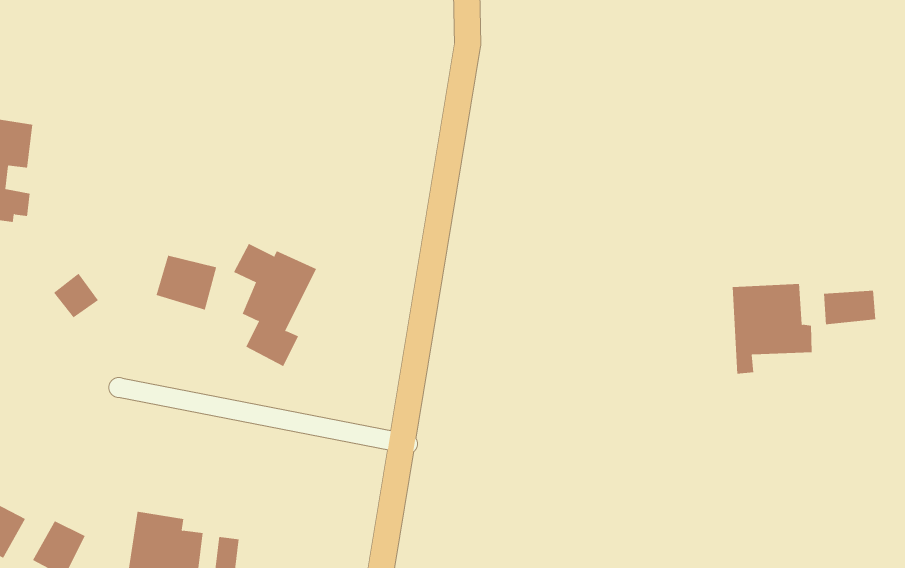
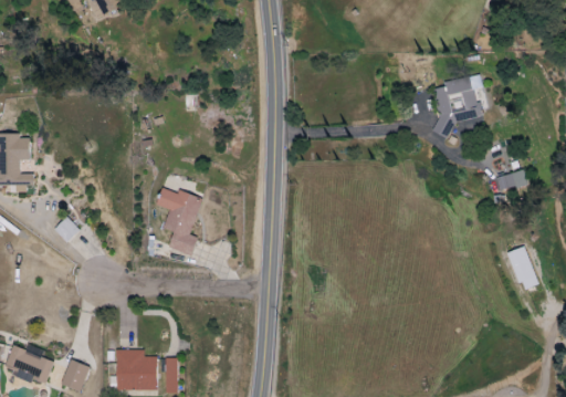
building: [156,255,217,311] -> none
building: [732,284,813,374] -> [431,79,482,135]
building: none -> [507,245,538,290]

